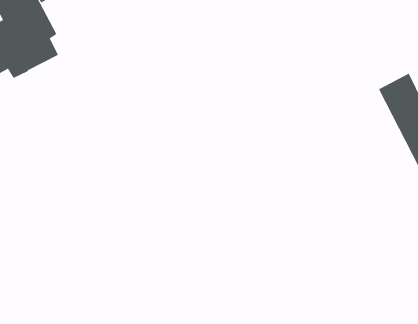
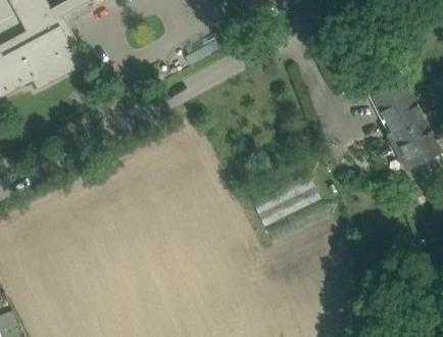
building: none -> [254,175,318,222]

